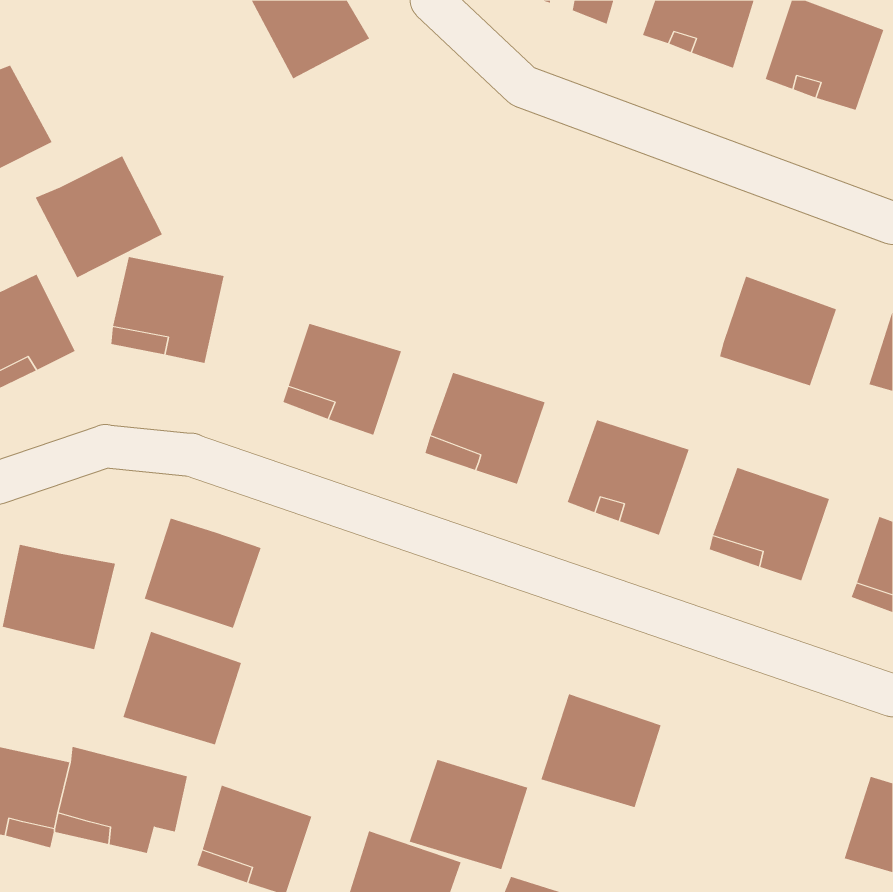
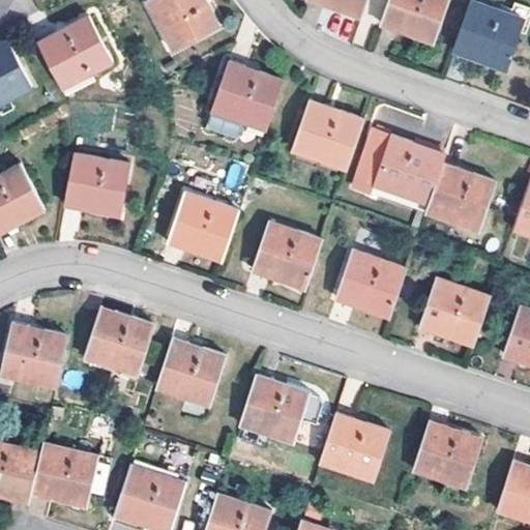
building: none -> [211,62,282,129]
building: [35,155,163,278] -> [37,18,113,90]
building: none -> [291,102,362,170]
building: none -> [353,132,443,205]
building: [122,631,242,745] -> [155,337,226,405]
building: none -> [413,419,483,487]
building: [409,759,528,870] -> [239,375,310,440]

